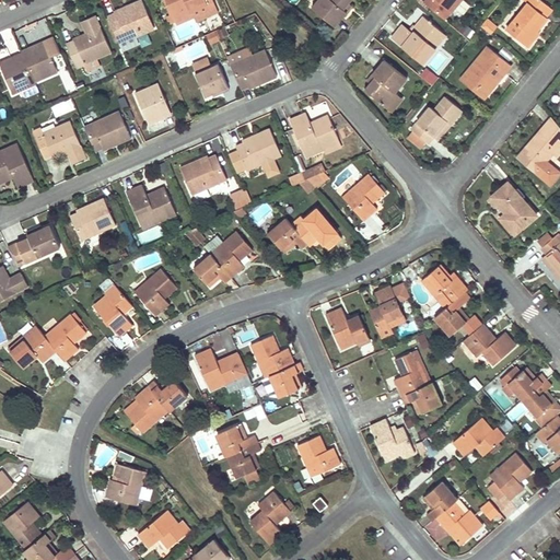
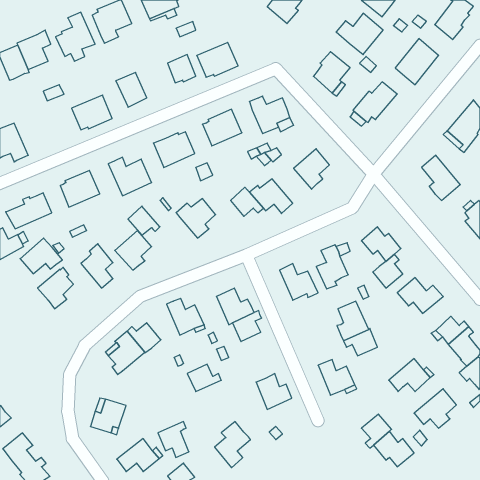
building: [33,122,85,165] -> none
building: [192,254,230,288] -> [128,206,160,235]
building: [7,325,56,366] -> [20,238,62,274]
building: [228,443,264,485] -> [158,422,189,457]

